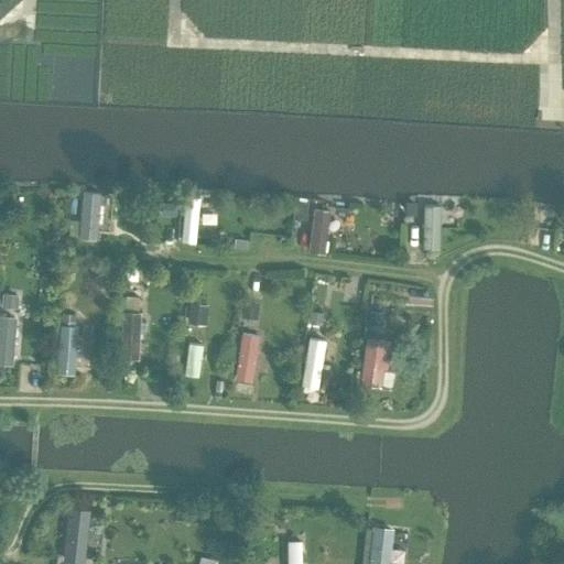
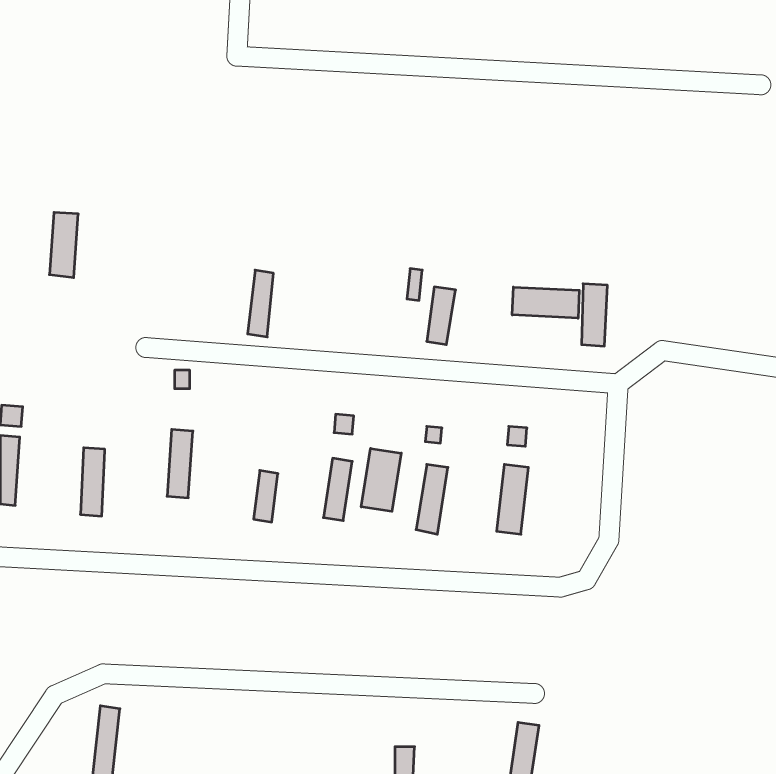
building: [78,193,99,240] -> [49,212,78,278]
building: none -> [512,287,579,318]
building: none -> [361,448,401,511]

